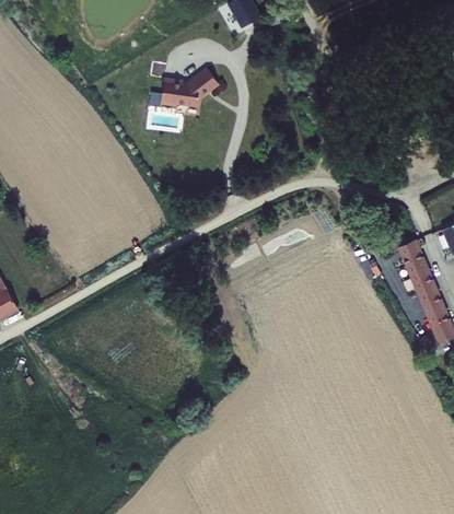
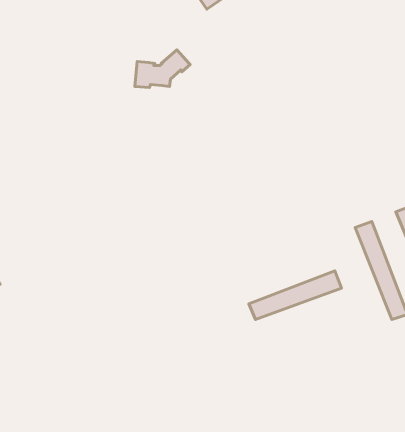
building: none -> [249,271,342,320]

